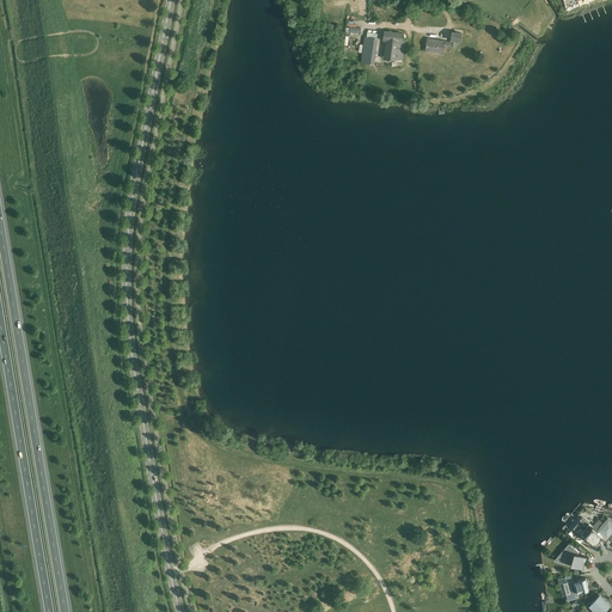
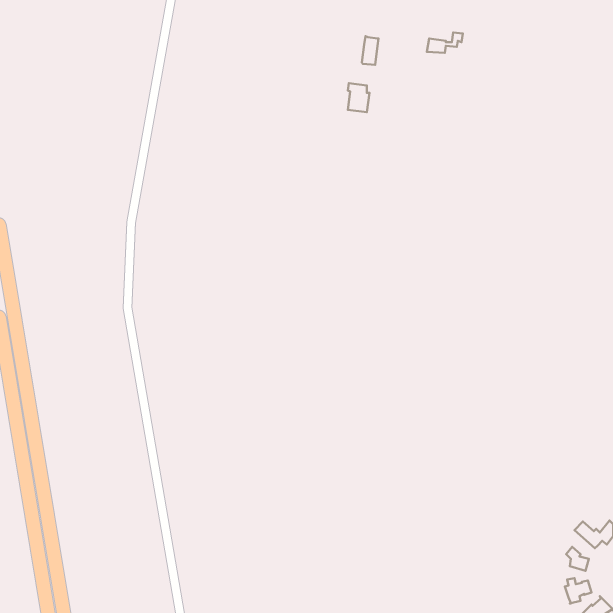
building: [382,32,404,61] -> [348,83,369,112]

